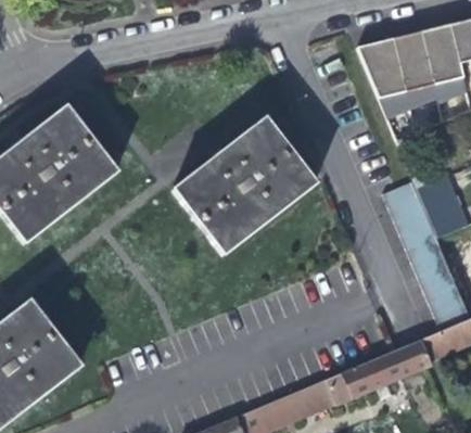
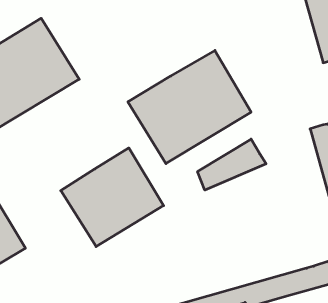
building: none -> [198,139,266,190]
building: none -> [61,148,164,247]

